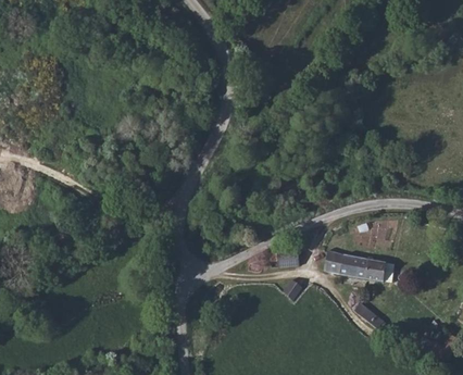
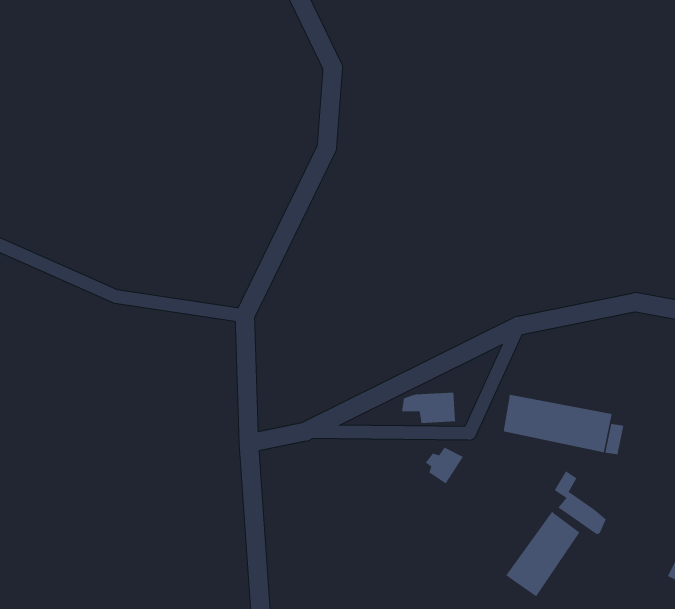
building: none -> [505,511,580,597]

